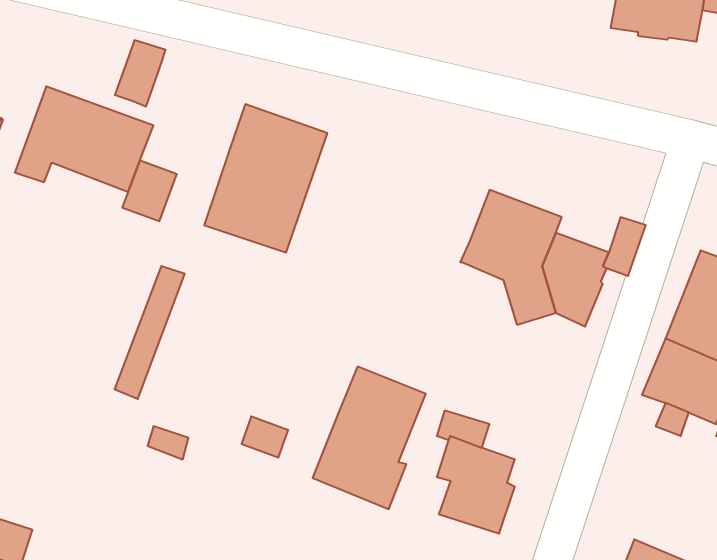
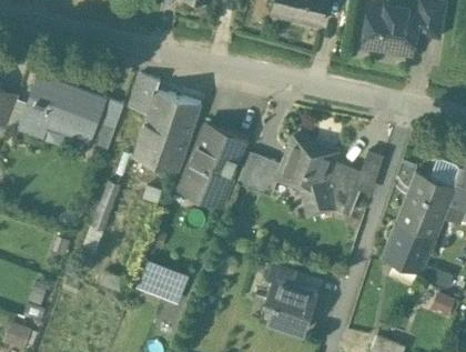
building: [115,40,166,107] -> [129,76,158,113]
building: none -> [237,152,283,191]
building: [313,367,426,509] -> [180,123,244,204]

